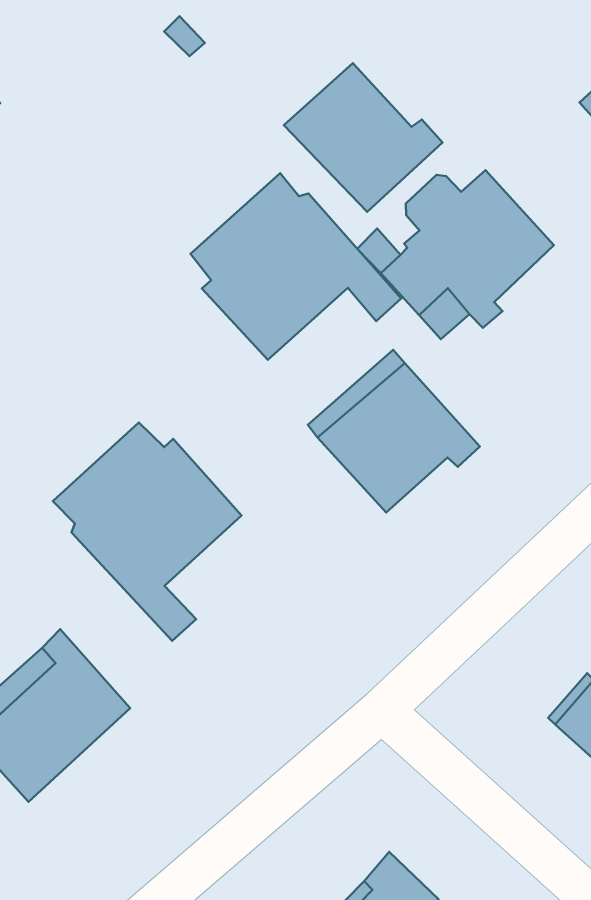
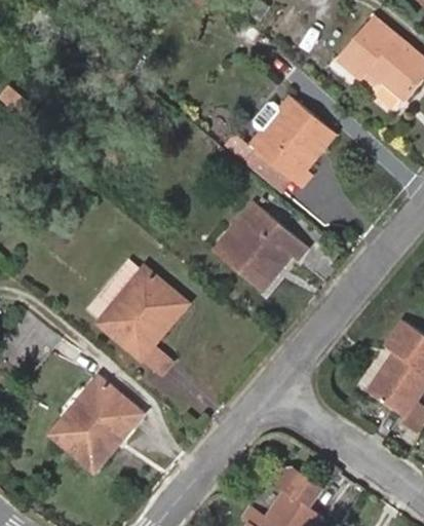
building: [284,63,443,212] -> none
building: [190,173,401,360] -> none

